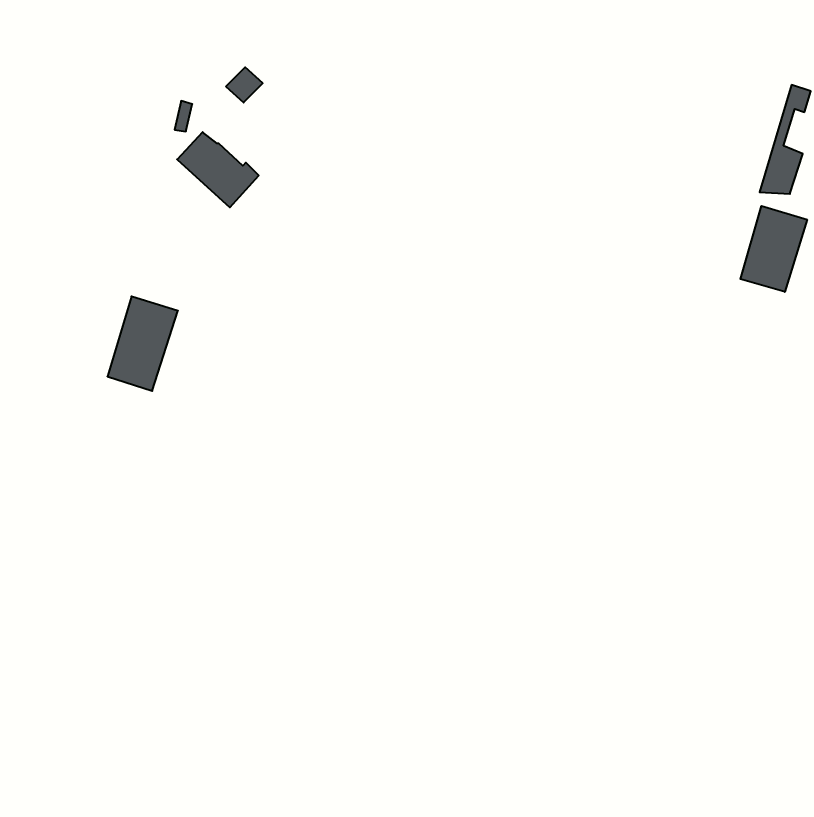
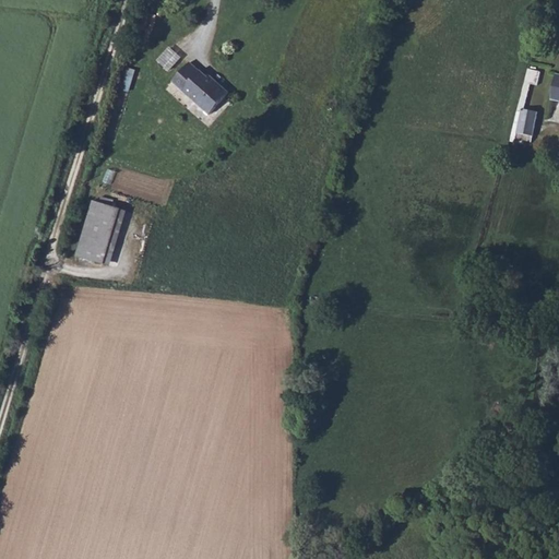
building: [177,132,259,207] -> [171,61,227,112]
building: [740,206,807,292] -> none

